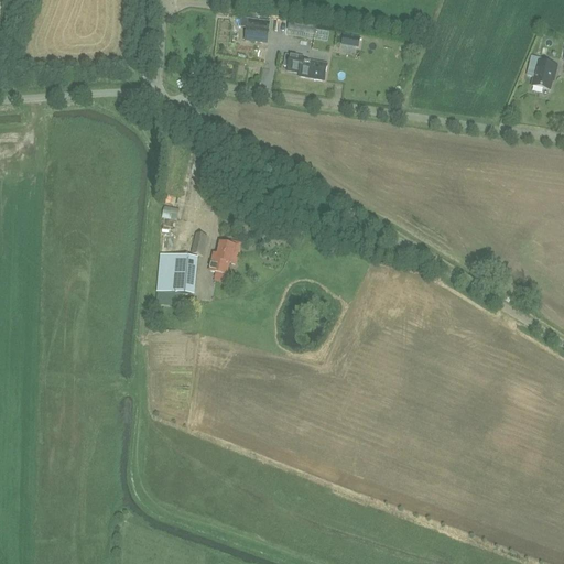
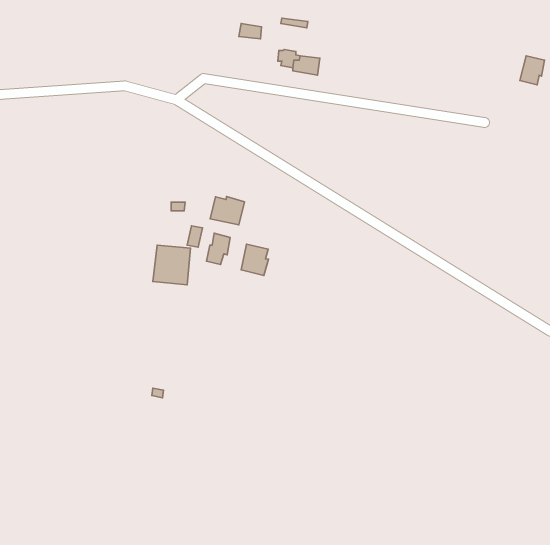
building: none -> [210,197,244,225]
building: none -> [241,244,268,275]

